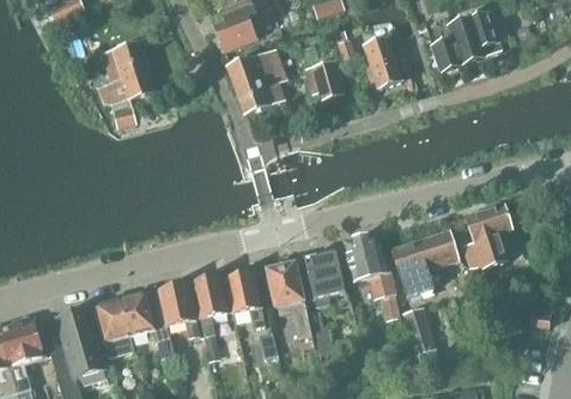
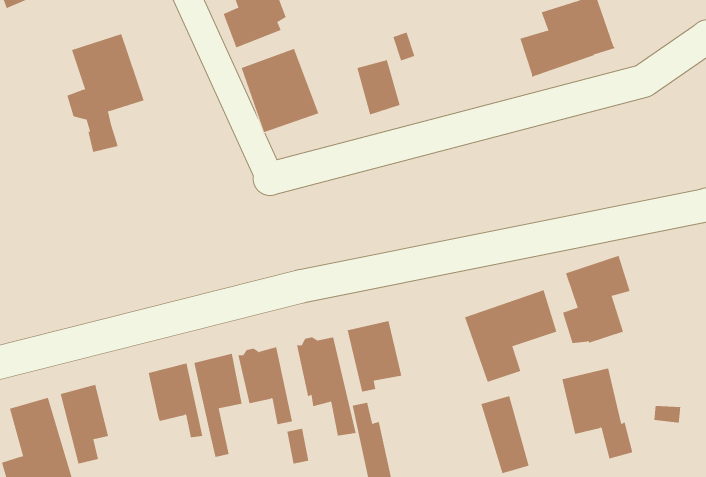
building: [363,35,402,89] -> none
building: [342,231,395,298] -> [562,368,633,459]
building: [120,291,172,357] -> none

